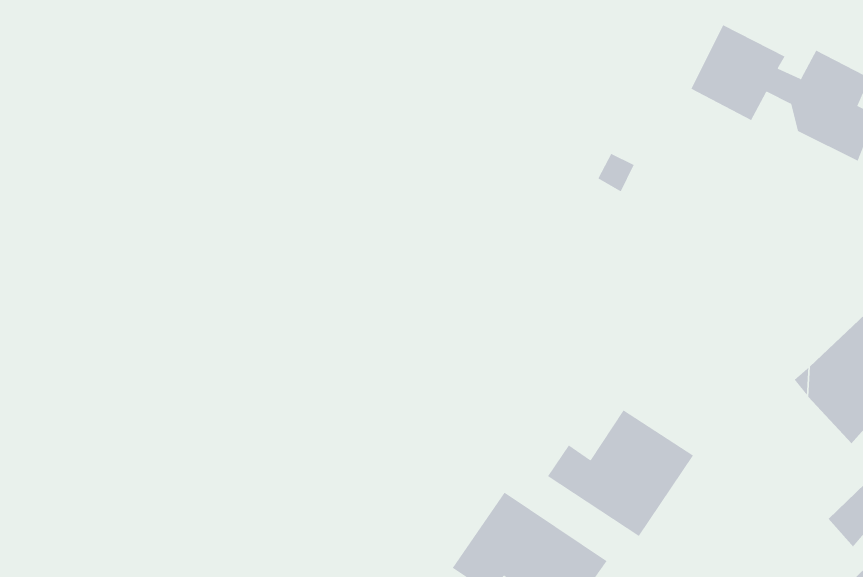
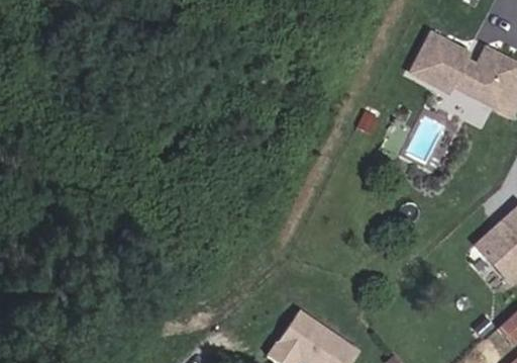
building: [547,410,694,537] -> none

